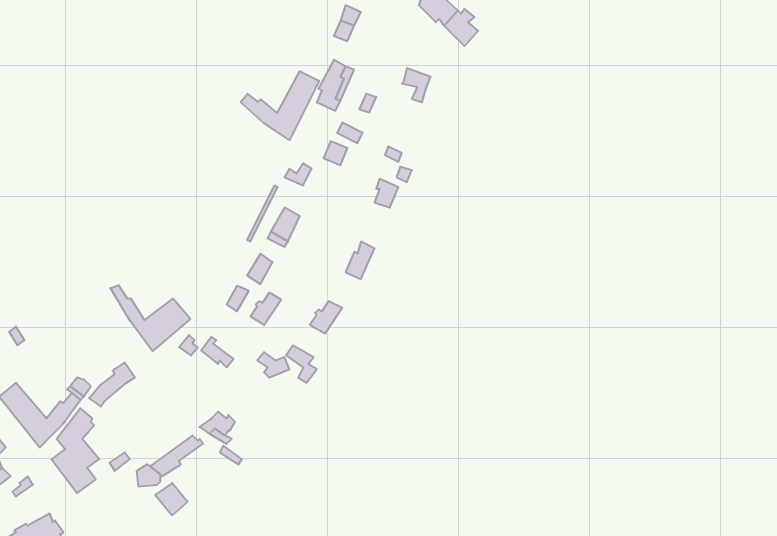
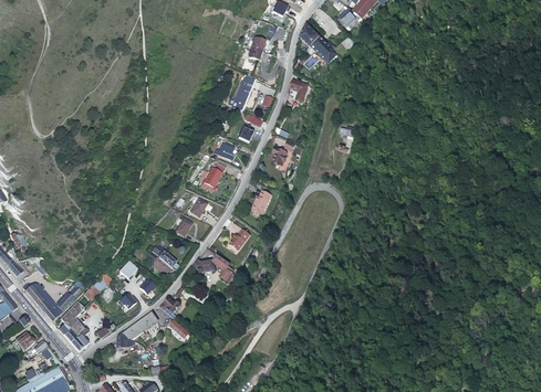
building: [241,71,319,140] -> none
building: [110,285,190,351] -> none

